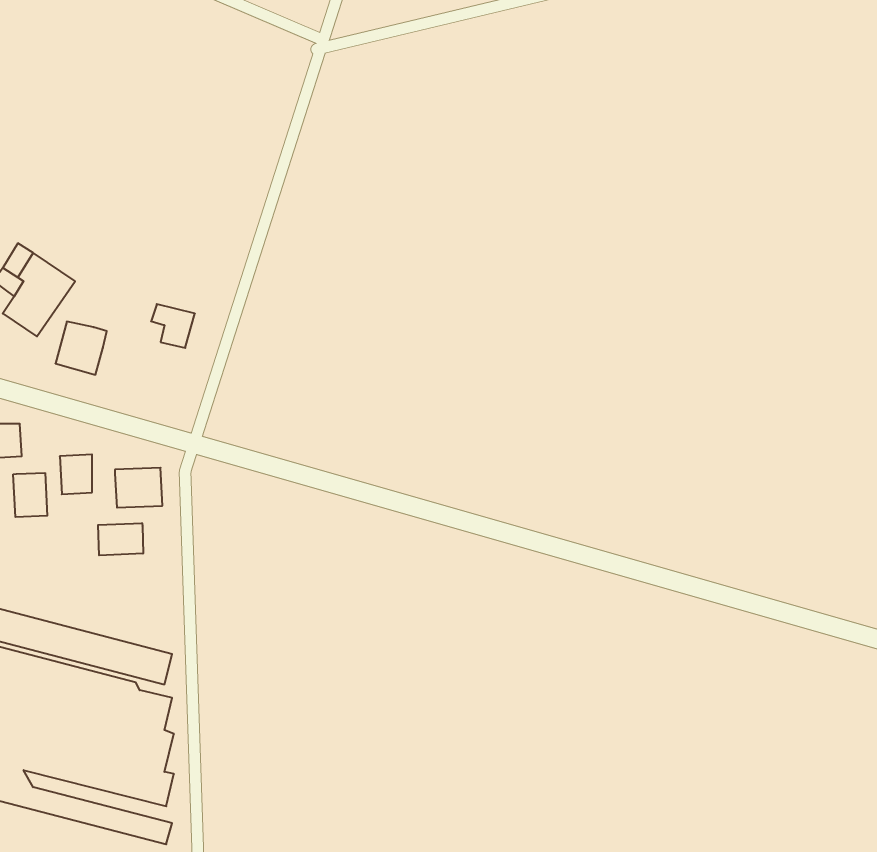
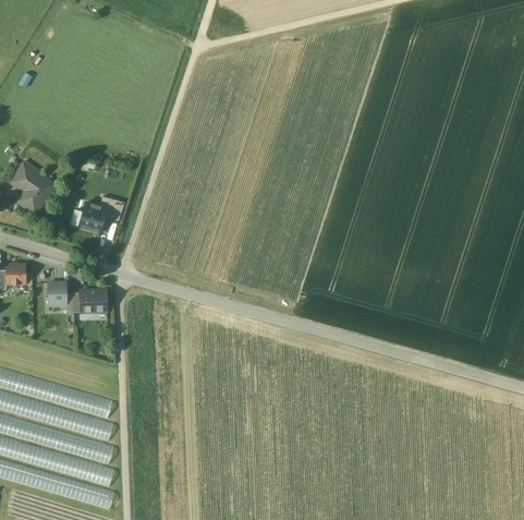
building: [55,322,107,375] -> [77,203,107,233]
building: [13,473,47,517] -> none
building: [98,523,143,555] -> none

